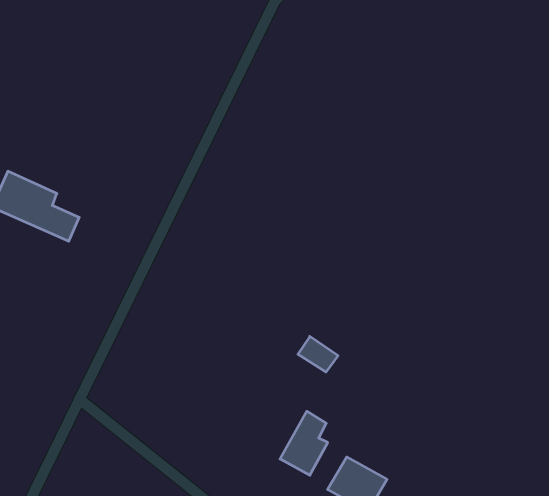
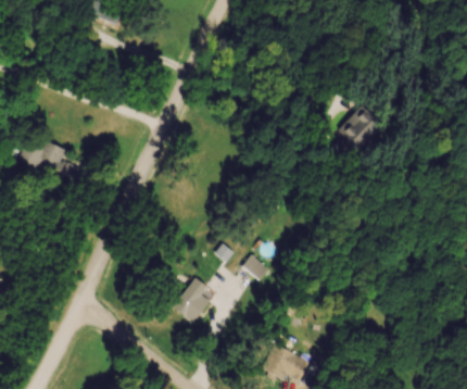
building: none -> [339,106,381,149]
building: [280,411,328,475] -> [173,276,207,323]

